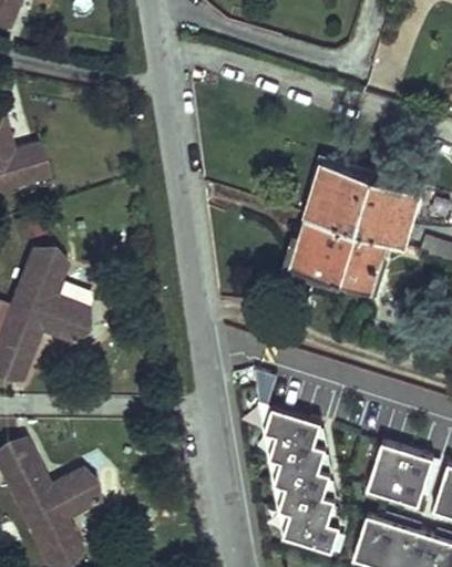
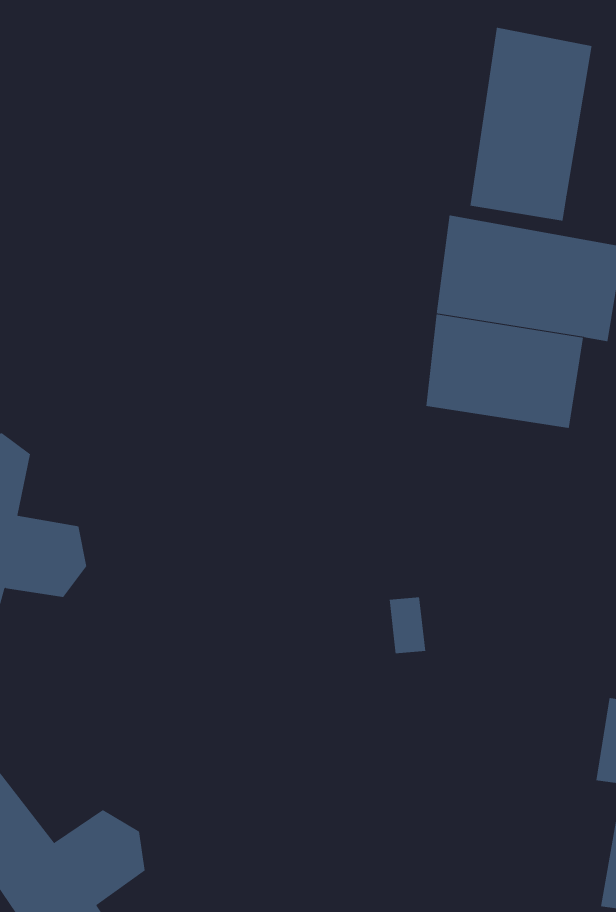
building: none -> [470,27,592,221]
building: [257,413,338,555] -> none

